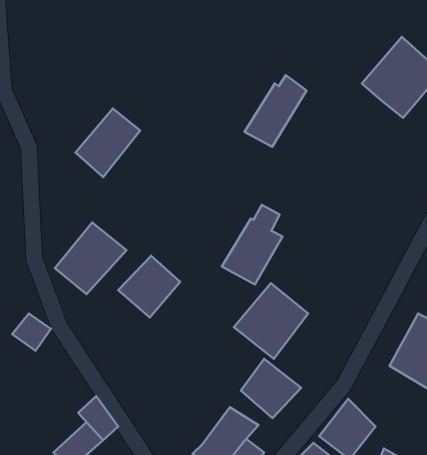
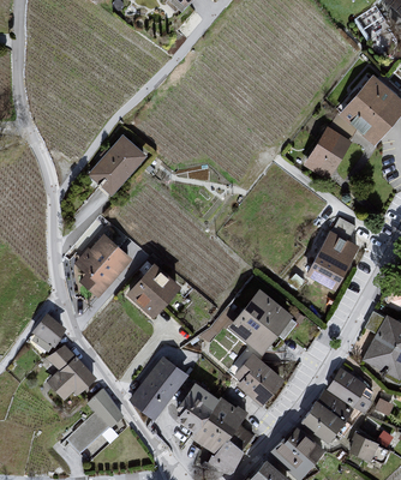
building: [245,75,307,147] -> [301,118,355,180]
building: [222,205,282,285] -> [305,220,358,289]
building: none -> [46,347,96,402]
building: none -> [127,358,188,422]
building: none -> [328,368,373,414]
building: none -> [176,385,220,430]

